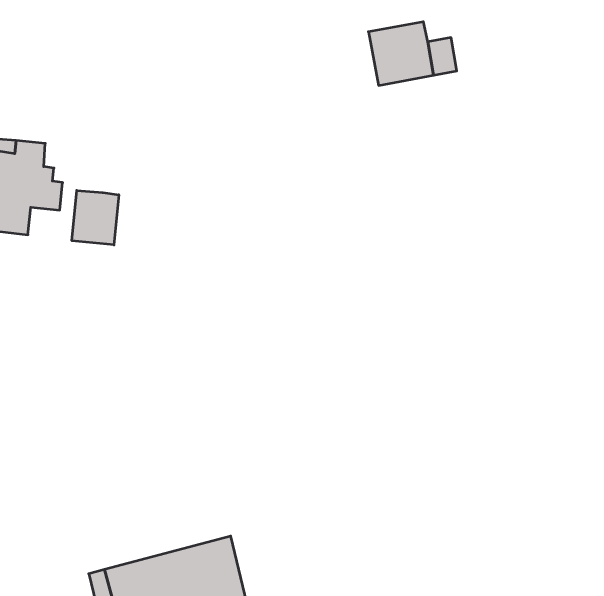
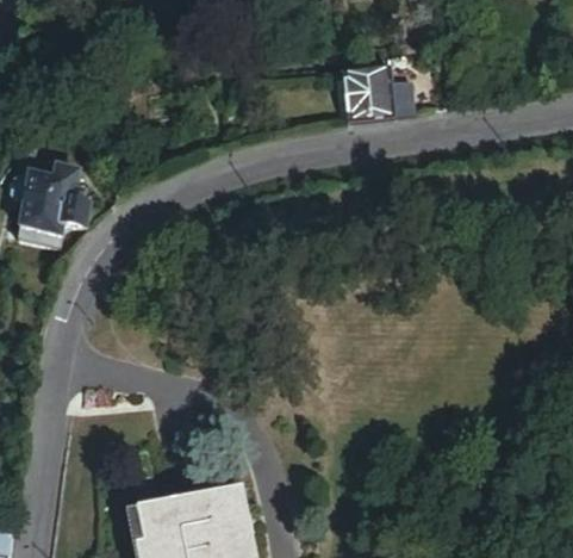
building: [72,190,119,245] -> none

